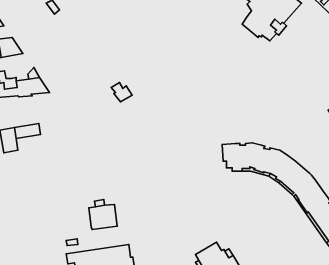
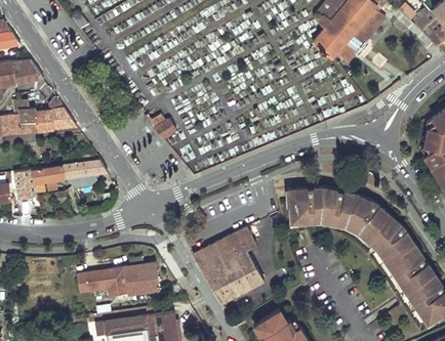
building: none -> [63,159,107,188]
building: none -> [193,227,264,301]
building: none -> [77,267,128,296]

